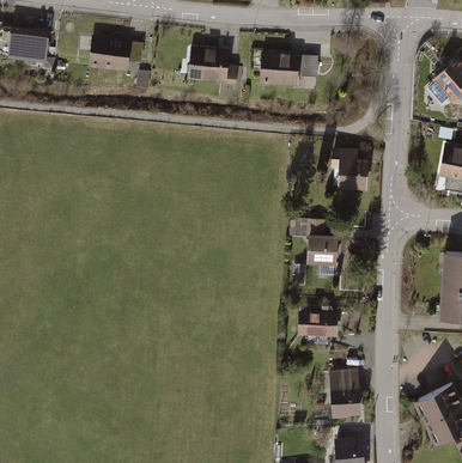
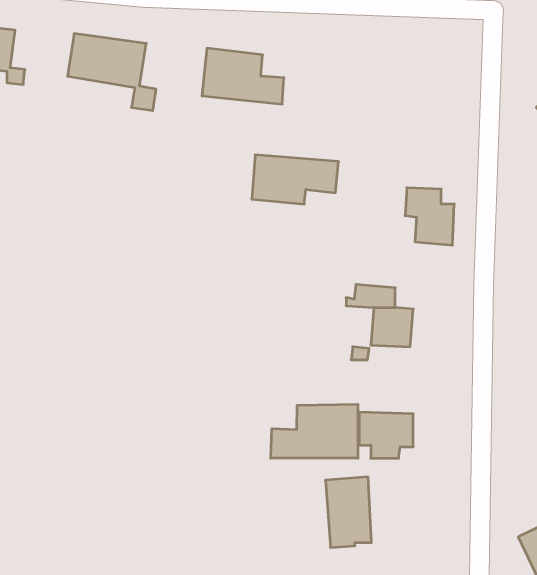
building: [256,50,320,86] -> [252,155,339,204]
building: none -> [271,404,358,458]
building: [329,366,363,418] -> [325,477,371,547]

